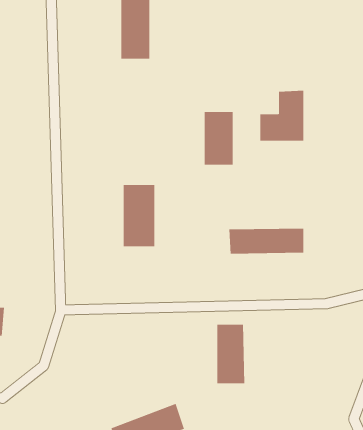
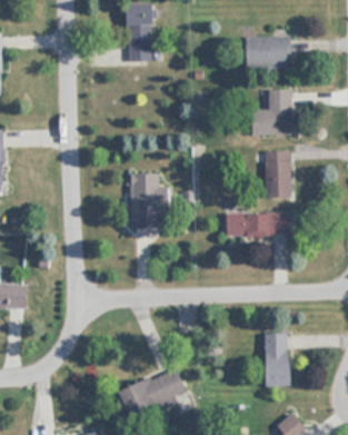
building: none -> [246,36,289,69]
building: [204,112,234,165] -> [264,149,290,197]
building: [217,324,245,384] -> [265,332,290,385]

